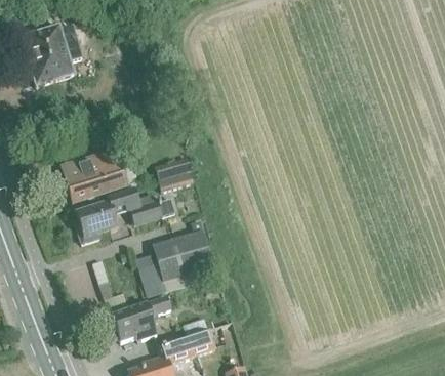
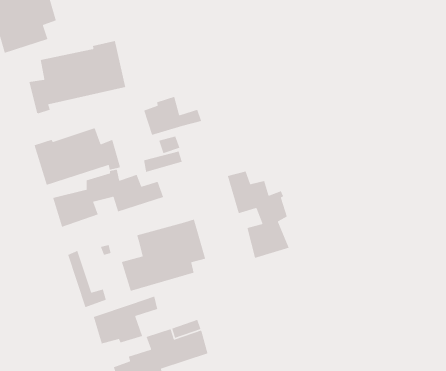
building: none -> [28,40,126,114]
building: none -> [143,96,202,136]
building: none -> [227,170,290,259]

